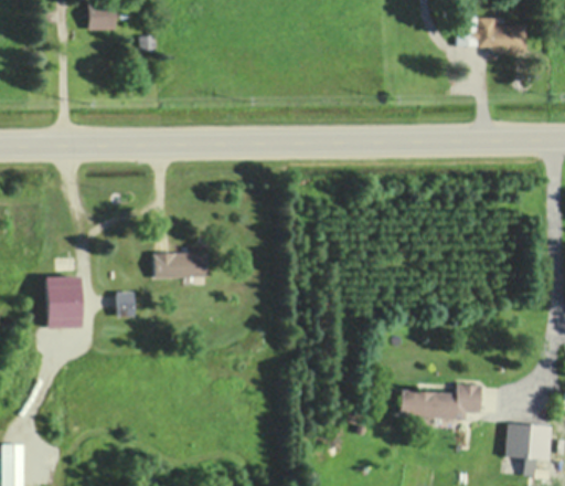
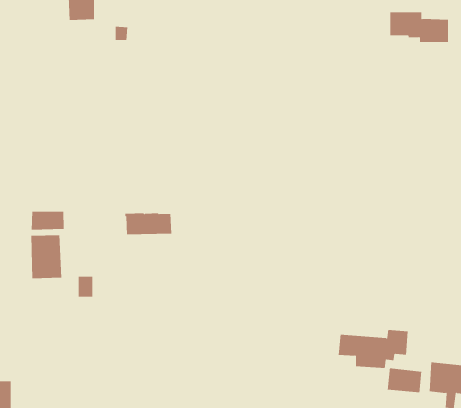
building: none -> [31,211,64,231]
building: [117,290,135,315] -> [78,276,93,297]
building: none -> [387,367,422,393]

